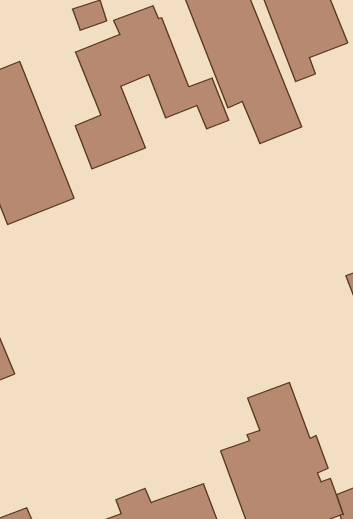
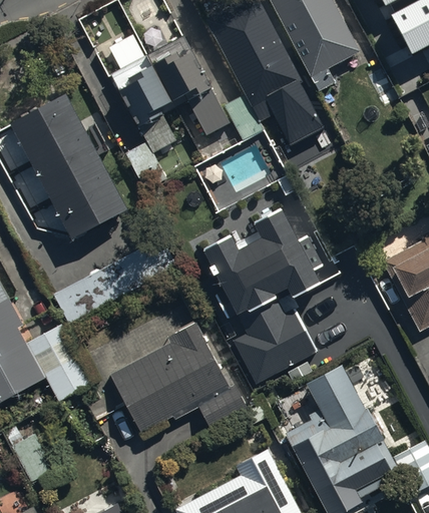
building: none -> [202,211,324,390]
building: none -> [109,321,248,430]

